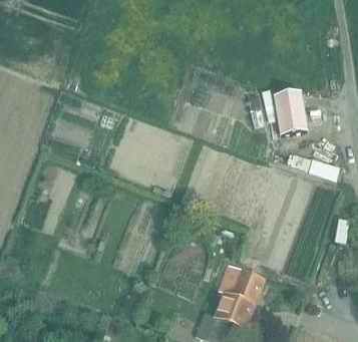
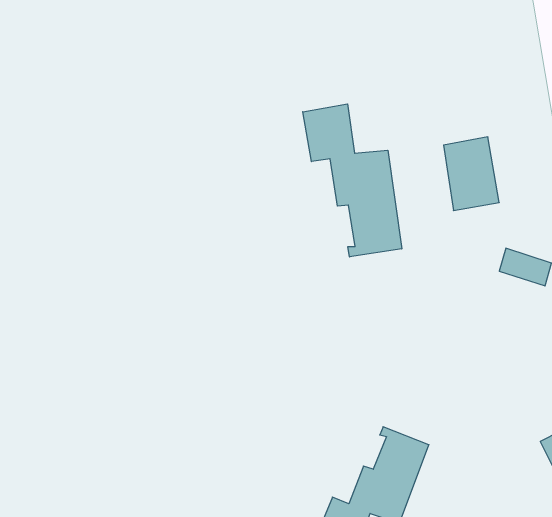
building: none -> [303,104,402,257]

